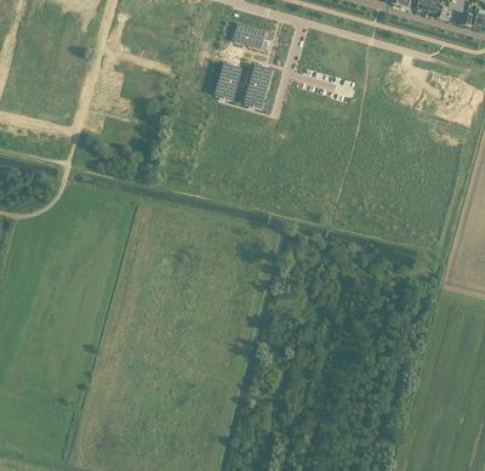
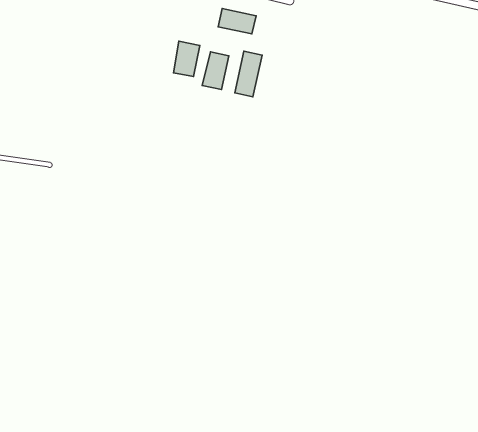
building: none -> [174,41,200,77]

